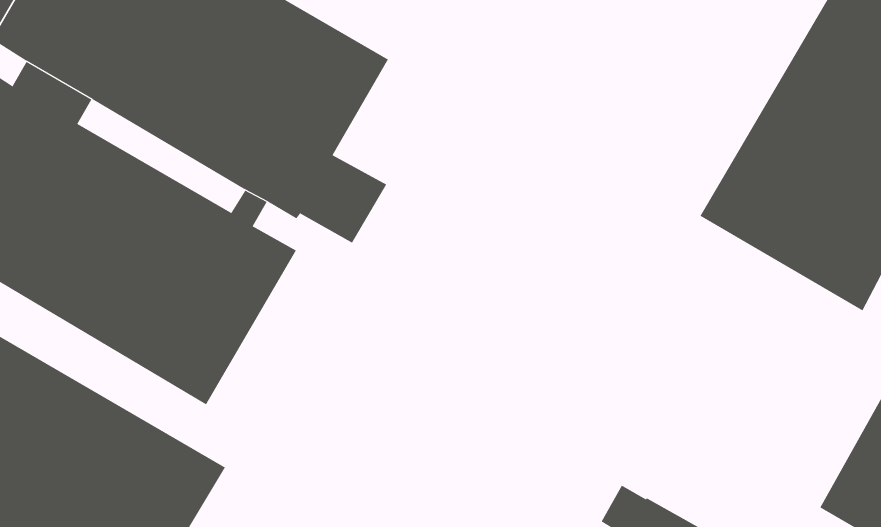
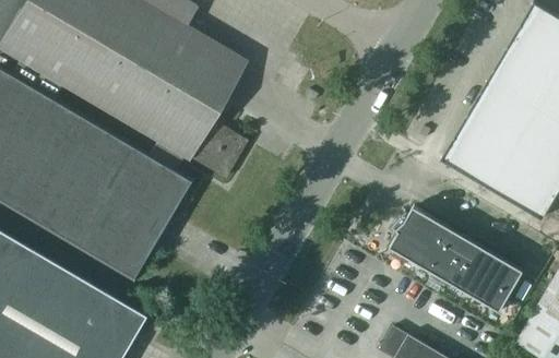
building: none -> [390,206,524,312]

